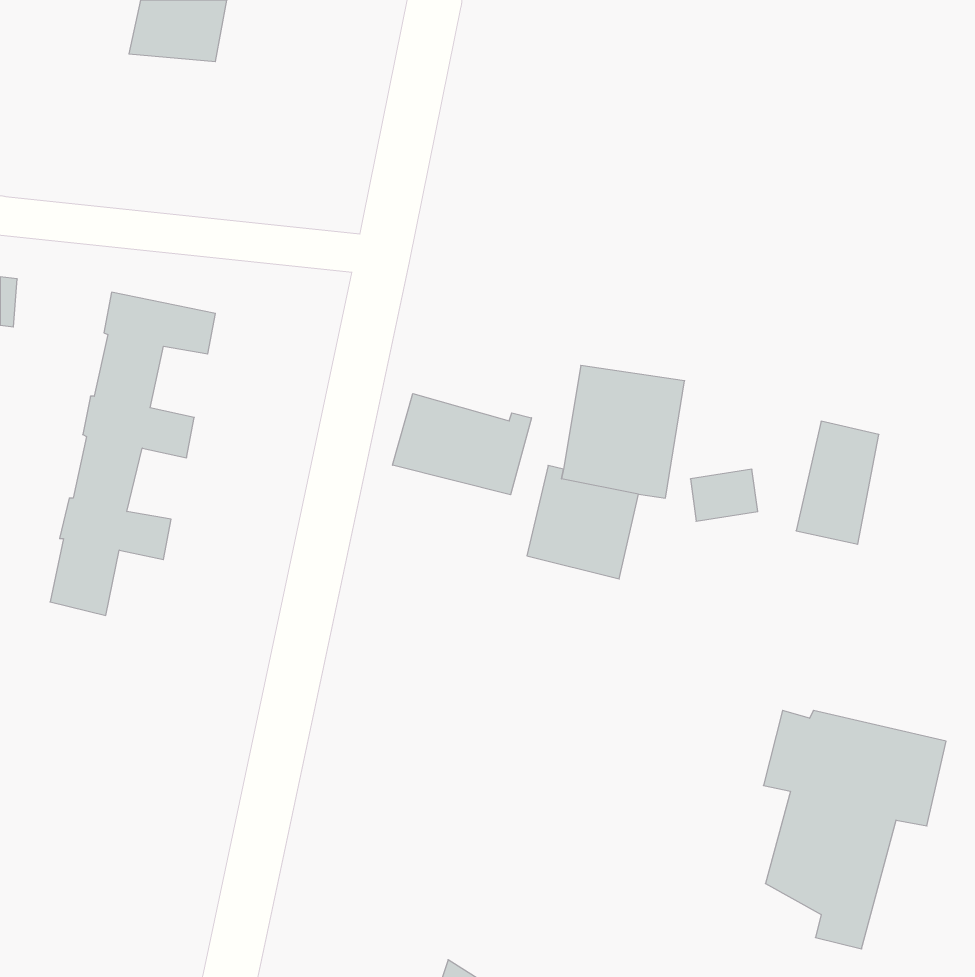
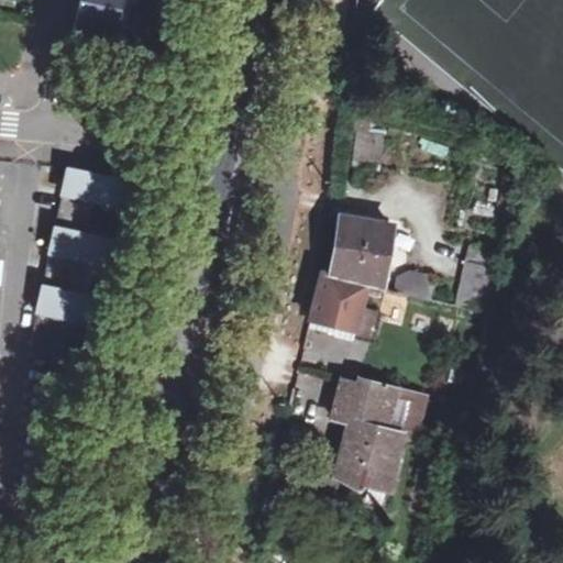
building: [393,394,531,495] -> none
building: [763,710,946,949] -> [330,376,434,512]

